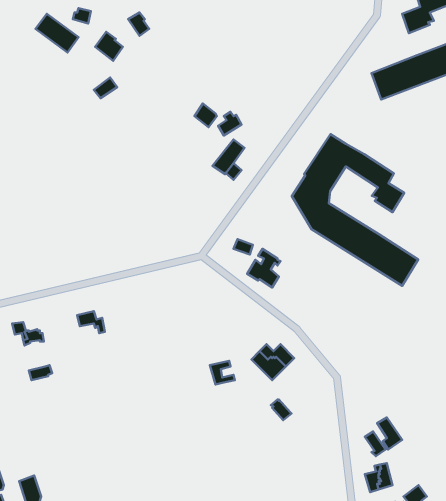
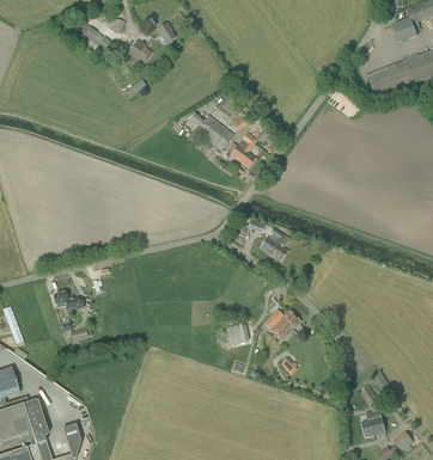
building: none -> [185,112,233,153]
building: [292,134,418,286] -> none

